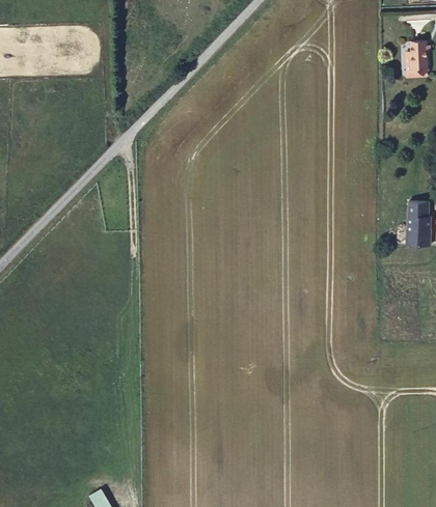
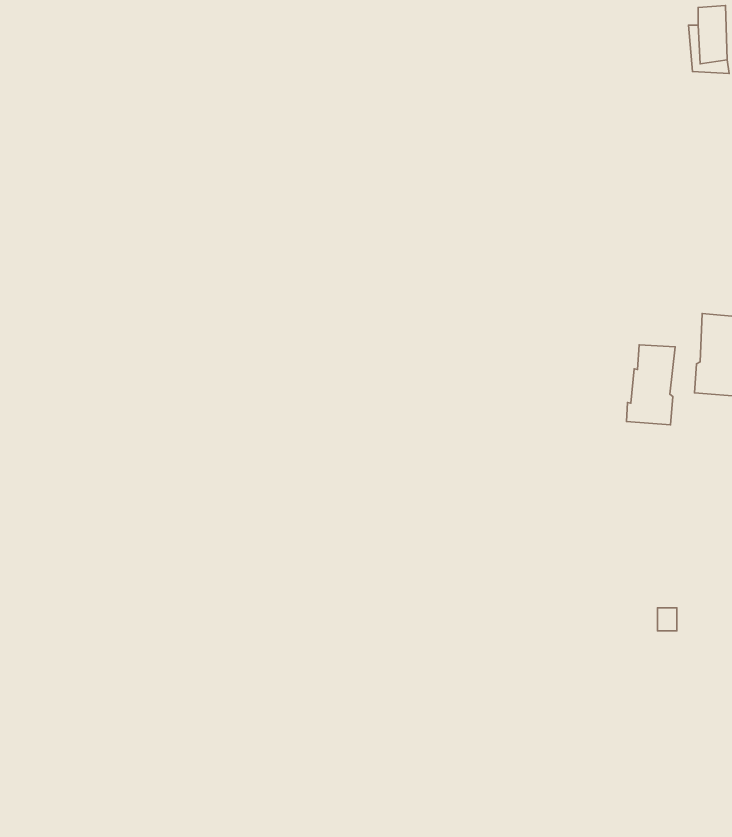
building: none -> [626,345,675,425]

